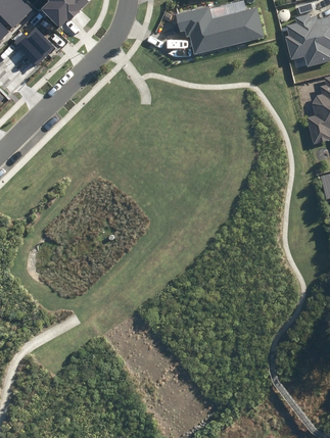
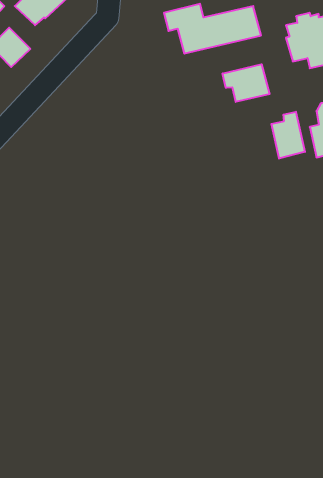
building: none -> [223,64,270,102]
building: none -> [271,112,305,159]

